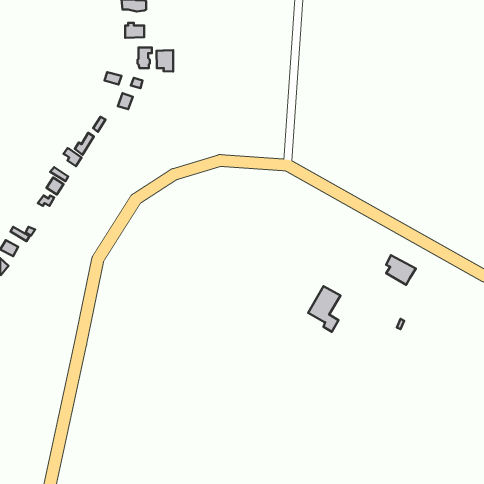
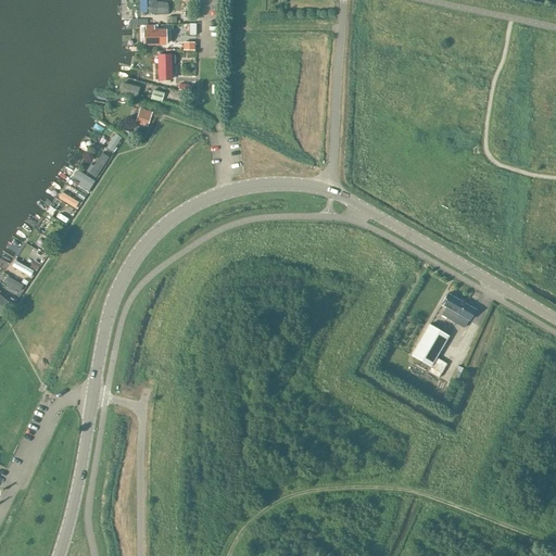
building: [156,50,173,71] -> none
building: [308,286,340,332] -> [413,324,450,376]

